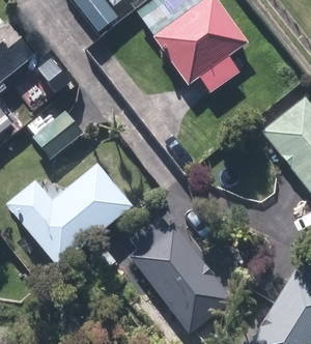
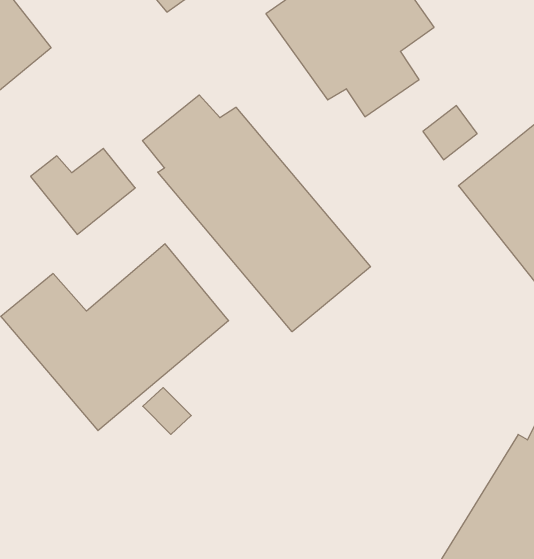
building: none -> [143,95,370,332]
building: [129,212,233,334] -> none

